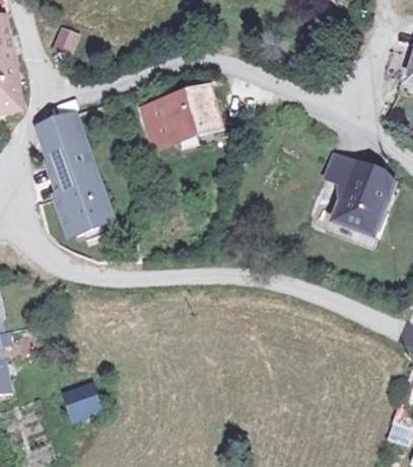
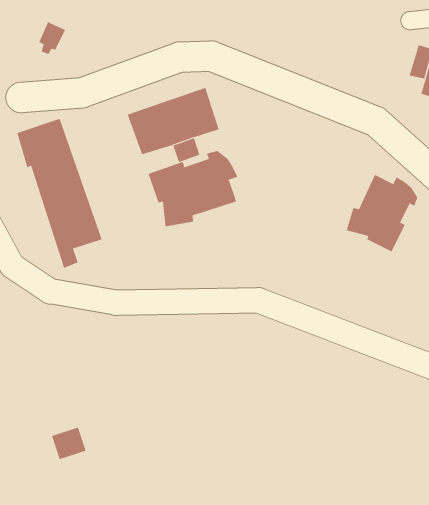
building: none -> [148,150,238,227]
building: [322,148,374,182] -> none

